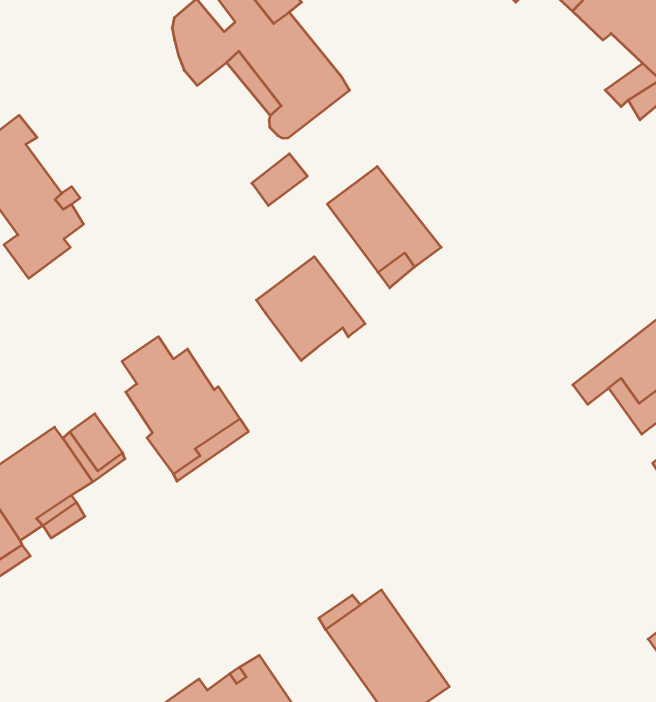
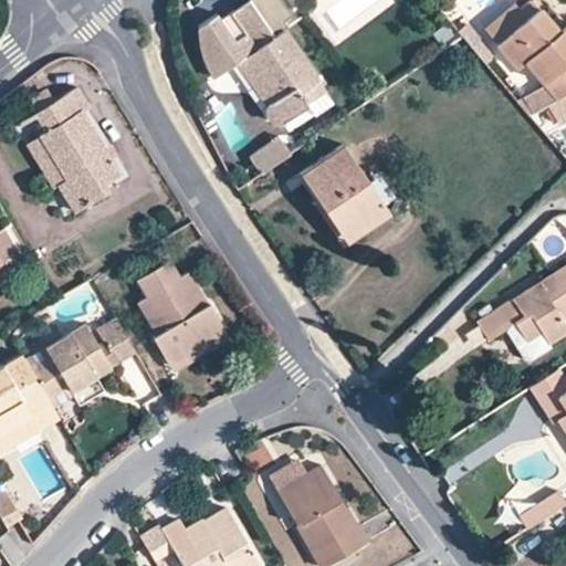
building: [256,257,365,361] -> none

